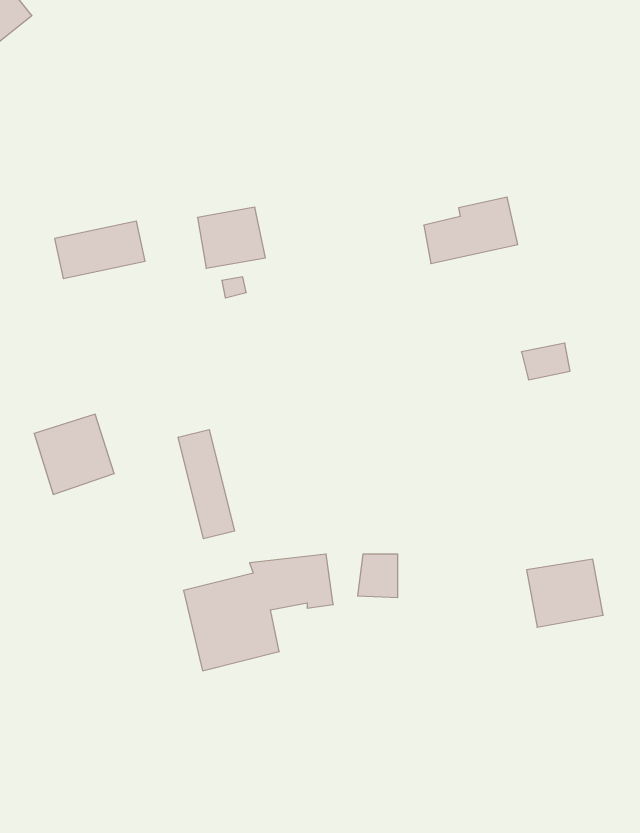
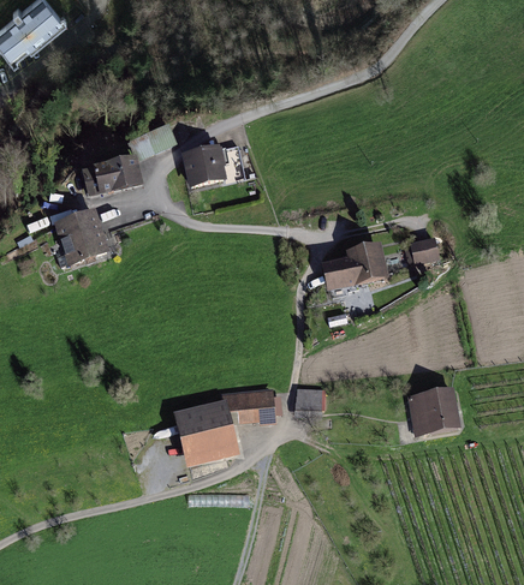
building: [424,197,518,264] -> [323,244,388,289]
building: [34,414,114,494] -> [56,210,112,265]
building: [178,430,235,539] -> none

